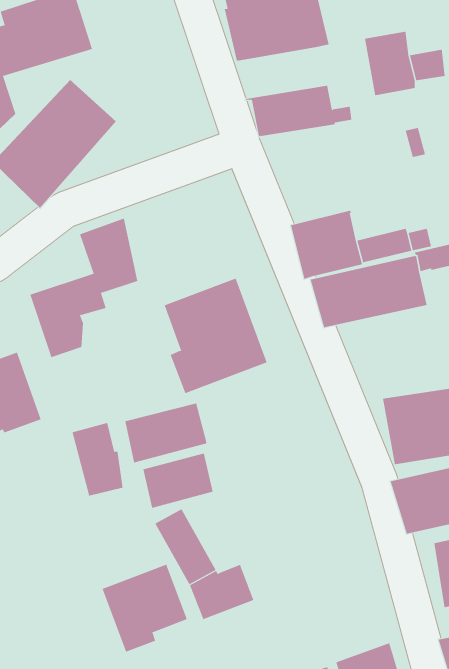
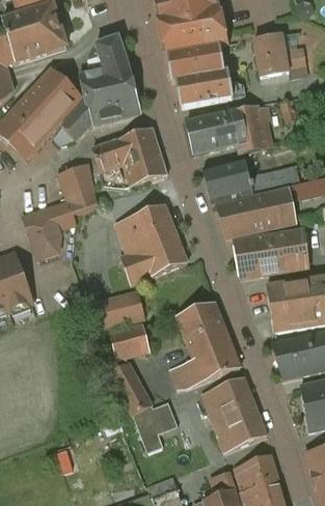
building: none -> [62,35,141,140]
building: none -> [166,45,228,80]
building: none -> [185,106,267,154]
building: none -> [92,126,167,186]
building: none -> [234,228,307,278]
building: none -> [169,301,240,387]
building: [72,422,123,497] -> none
building: none -> [202,376,267,451]
building: [102,564,188,652] -> none

